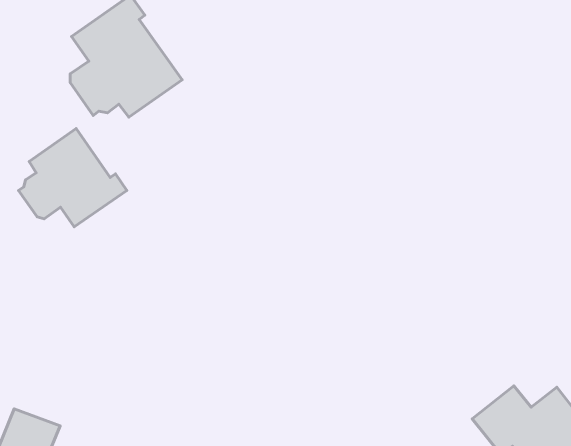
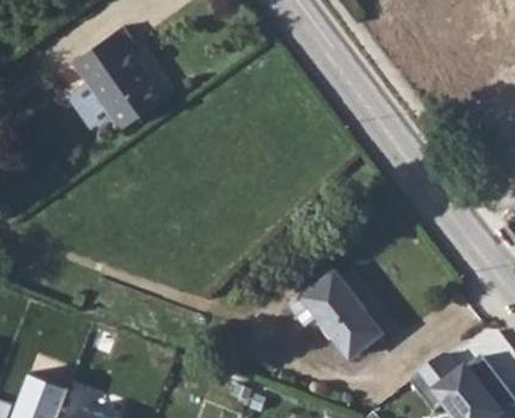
building: [18,128,127,227] -> none
building: none -> [291,268,384,355]

